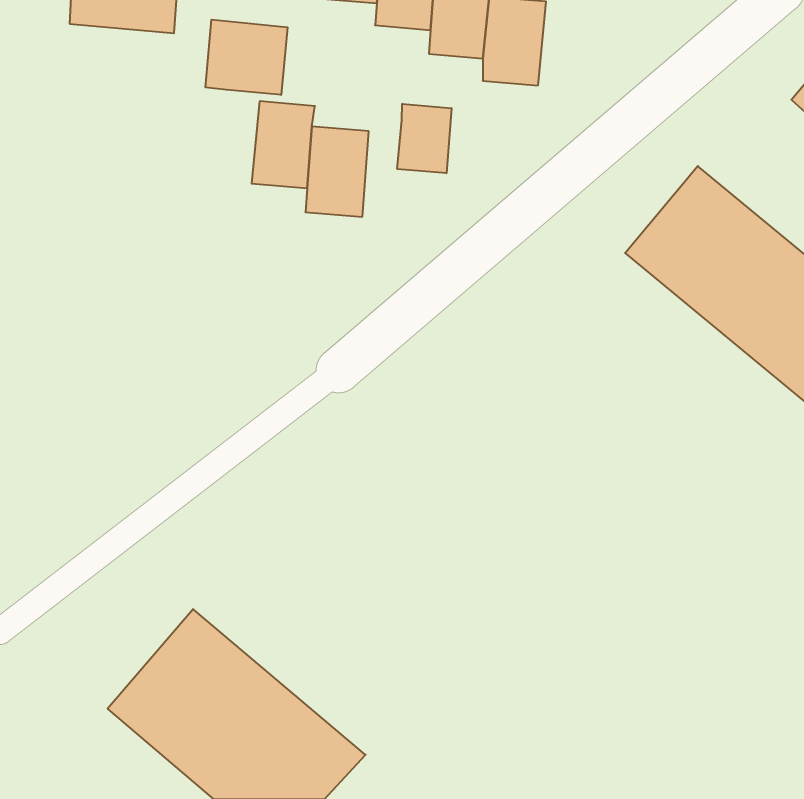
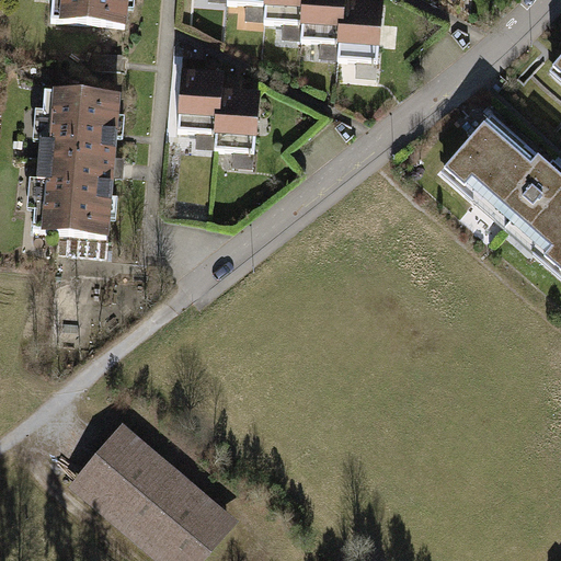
building: [205,20,287,95] -> none
building: [397,104,451,173] -> none
building: none -> [33,88,118,233]

